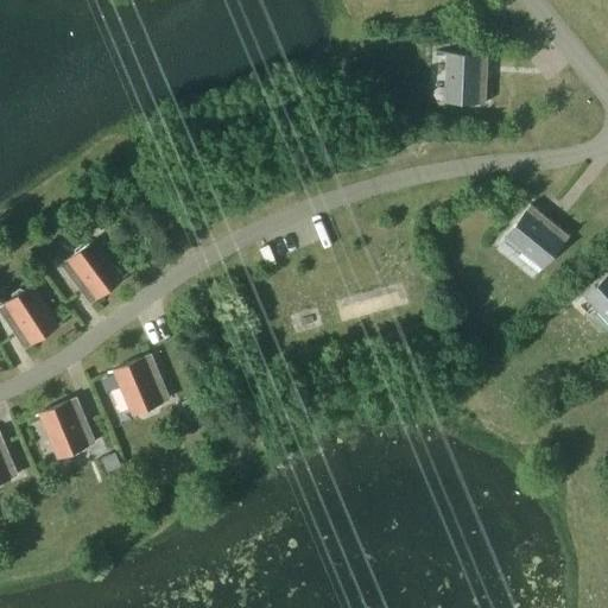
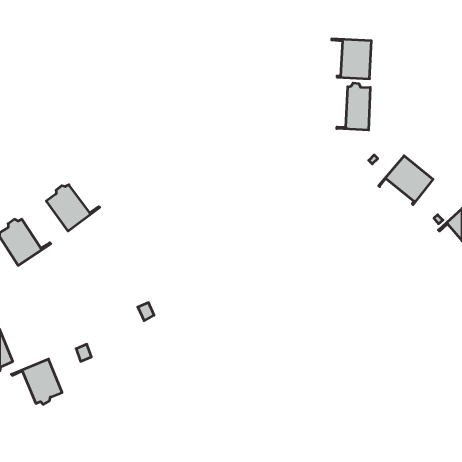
building: none -> [337,83,370,130]
building: [102,355,169,414] -> none
building: [27,399,94,458] -> [11,359,62,404]

